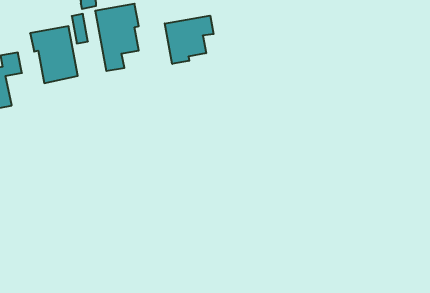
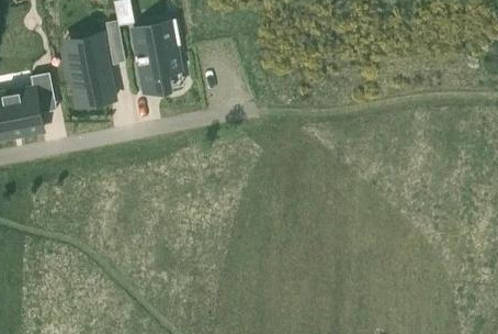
building: [165,16,214,64] -> none

